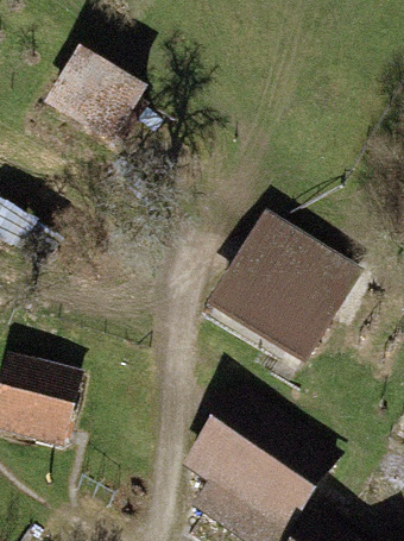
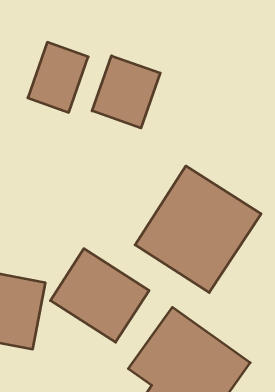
building: none -> [92,56,160,128]
building: none -> [50,249,149,342]

